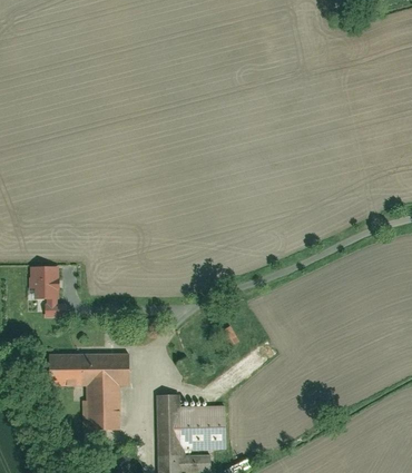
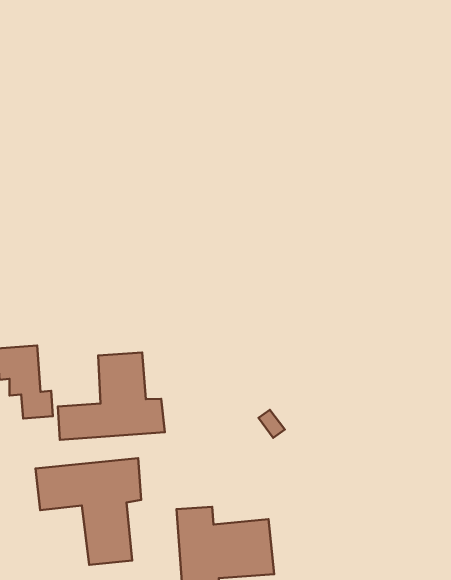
building: none -> [58,353,165,440]

